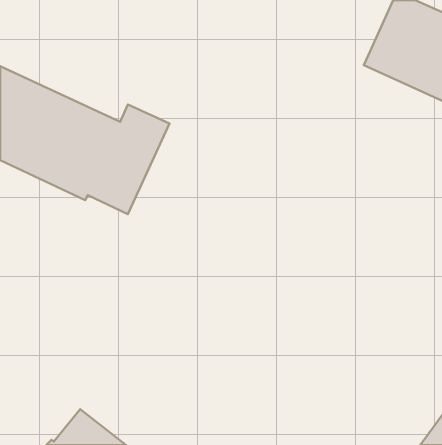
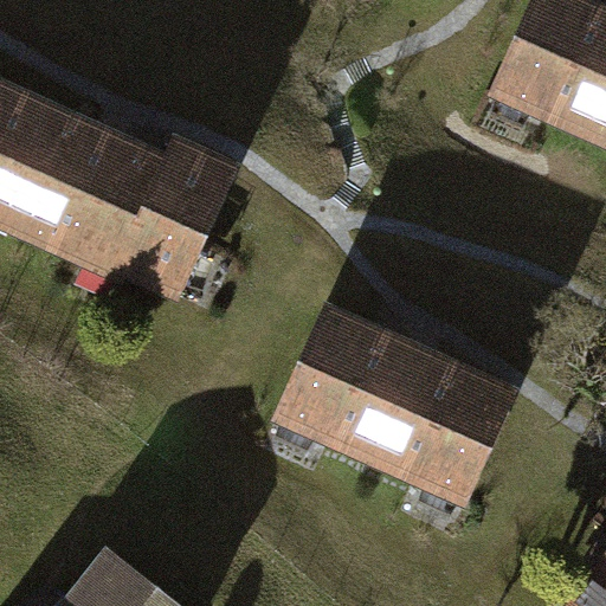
building: none -> [279,311,511,497]

